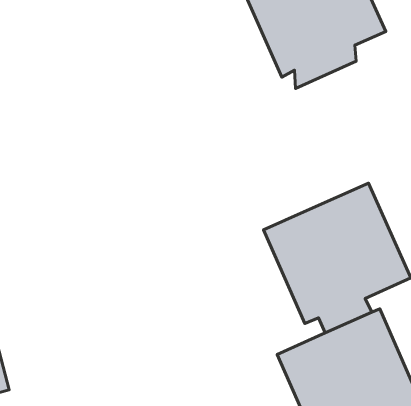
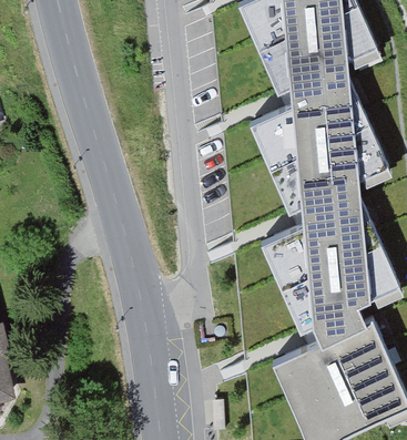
building: none -> [247,80,389,225]

